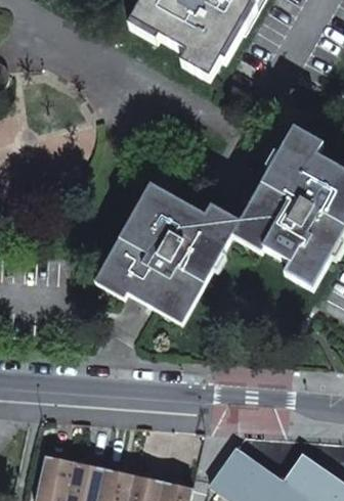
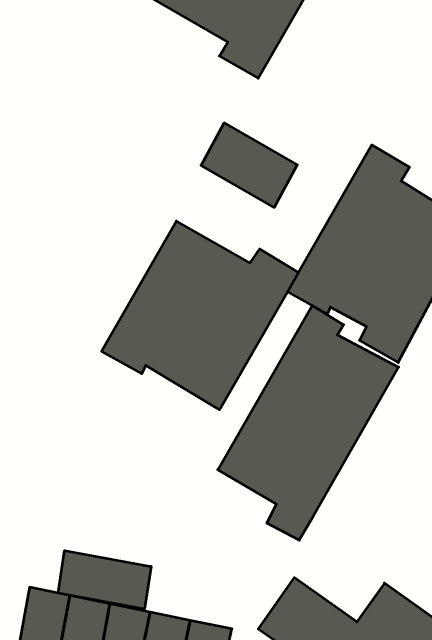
building: none -> [201,123,297,207]
building: none -> [218,305,399,540]
building: none -> [58,551,151,609]

